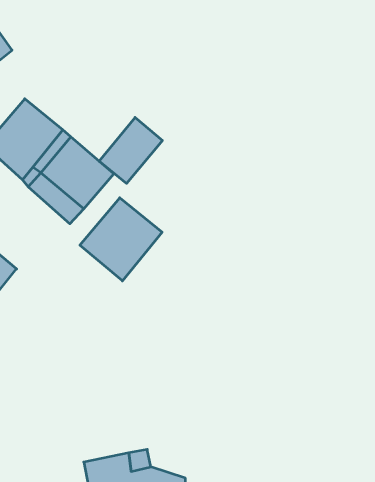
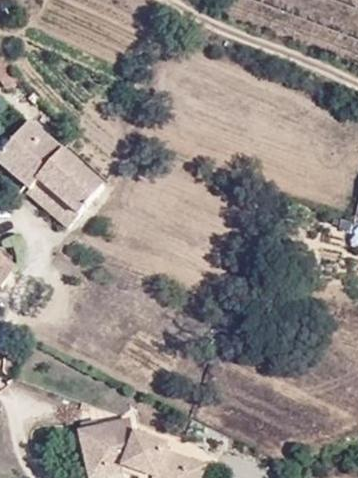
building: [99,117,162,183] -> none
building: [80,198,162,281] -> none

